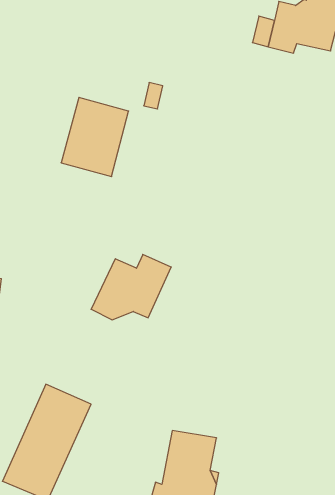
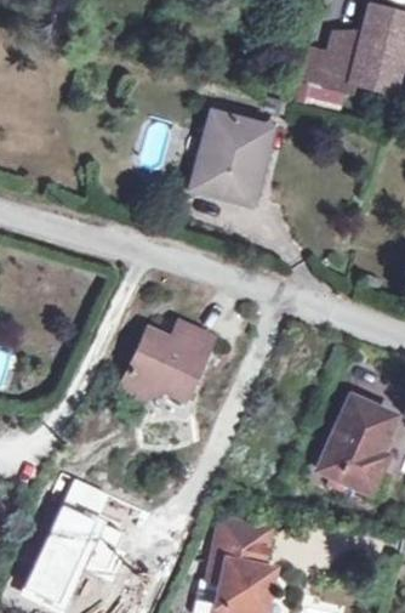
building: [61,97,129,177] -> [196,114,274,205]
building: none -> [321,397,394,490]

